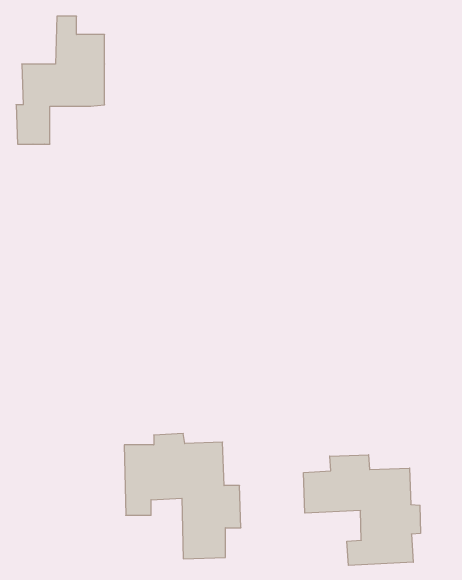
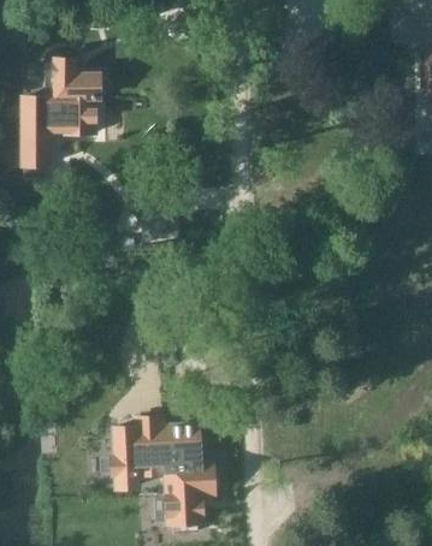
building: [304,455,420,565] -> none

